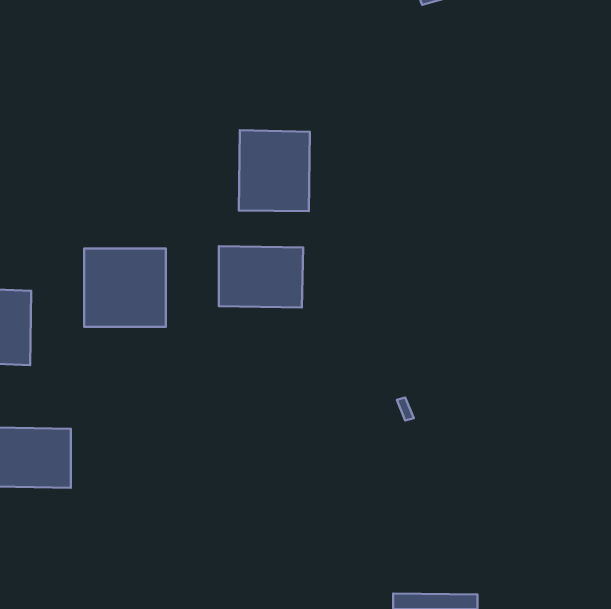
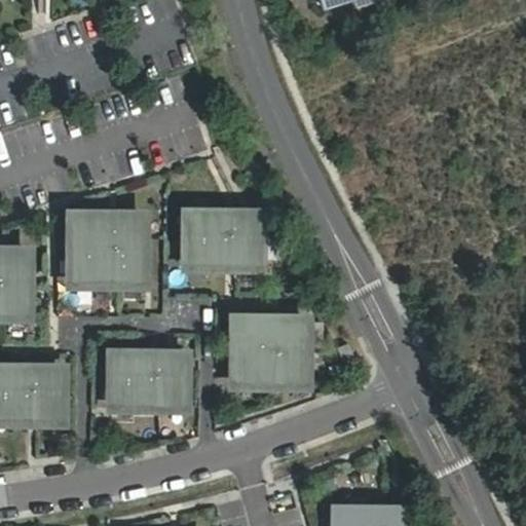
building: [239,130,310,211] -> none
building: none -> [234,315,305,381]
building: none -> [112,351,184,404]

